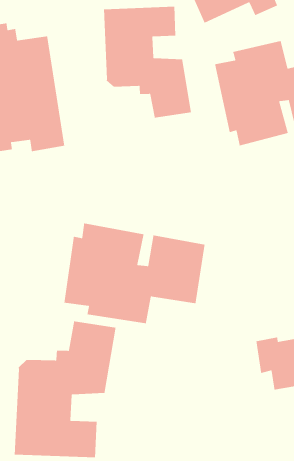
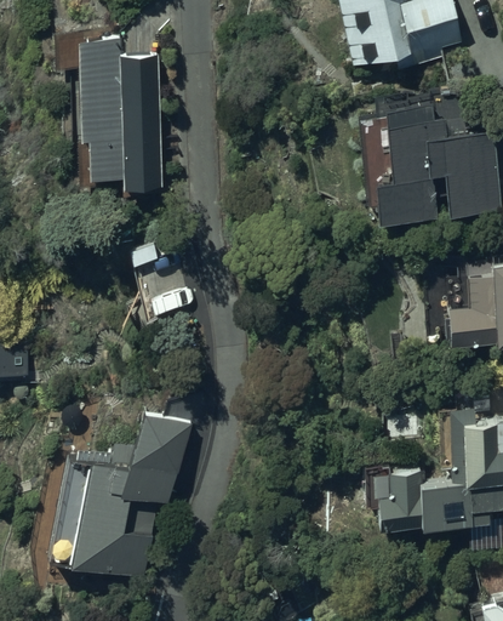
building: [103,6,192,119] -> none
building: [64,222,206,324] -> none

